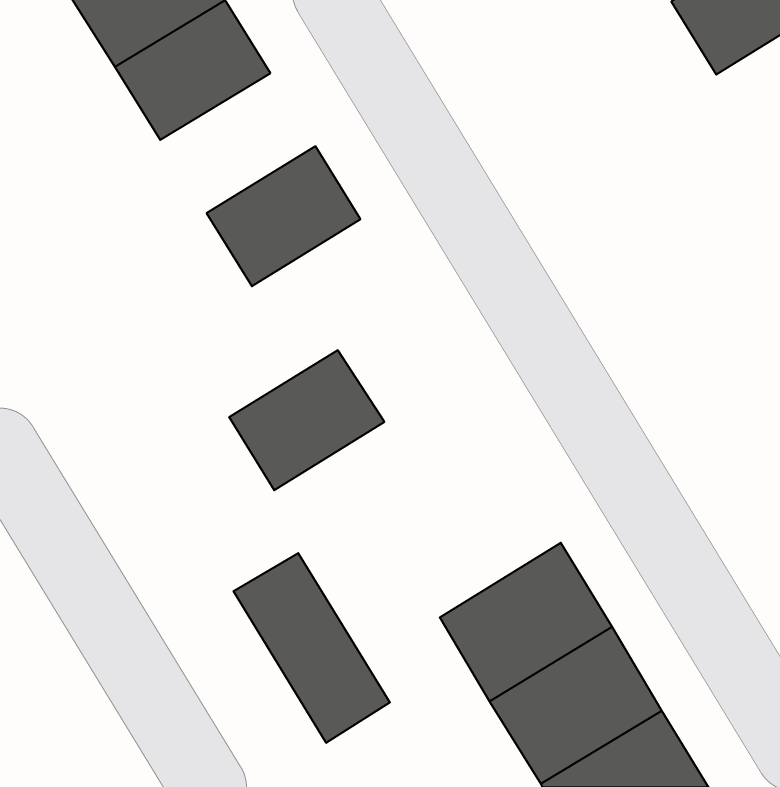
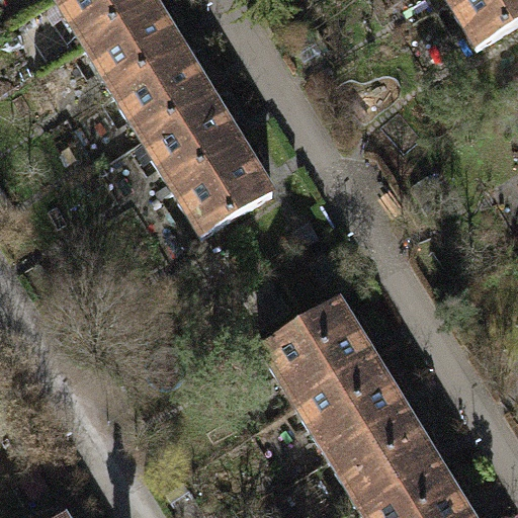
building: none -> [113,48,214,139]
building: [229,350,384,490] -> [173,143,274,234]
building: none -> [262,299,374,402]
building: [234,553,390,743] -> none

